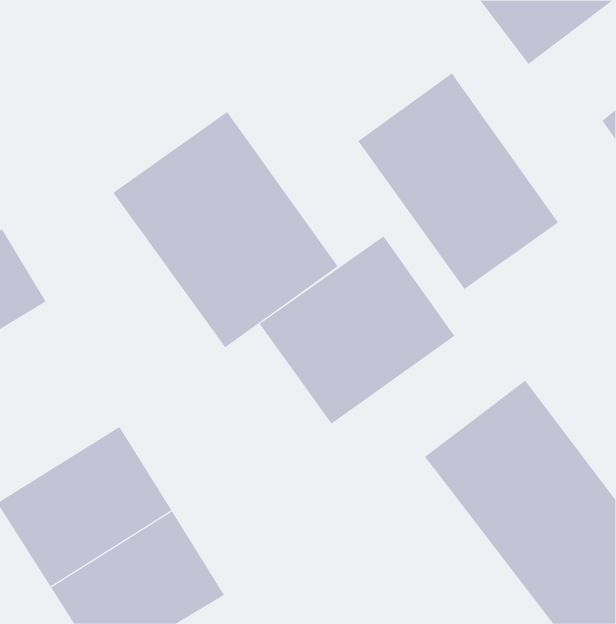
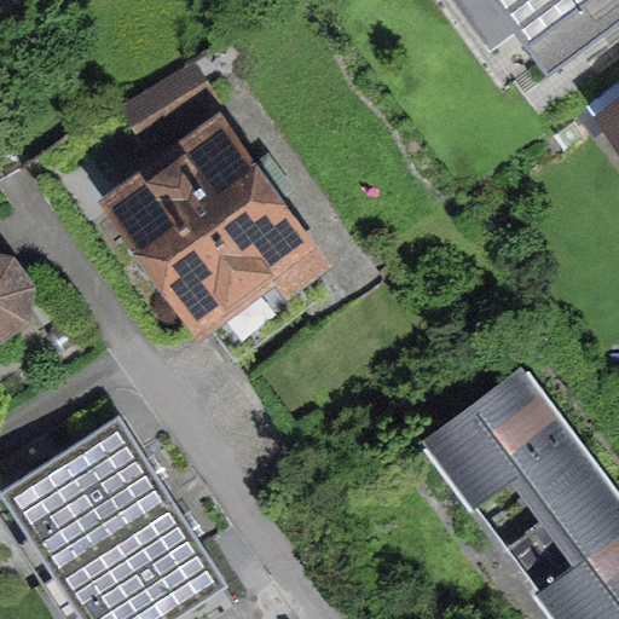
building: [357,73,559,290] -> none
building: [259,236,455,424] -> none

